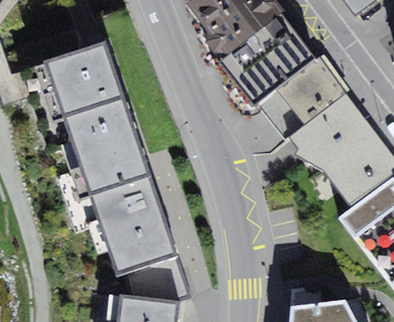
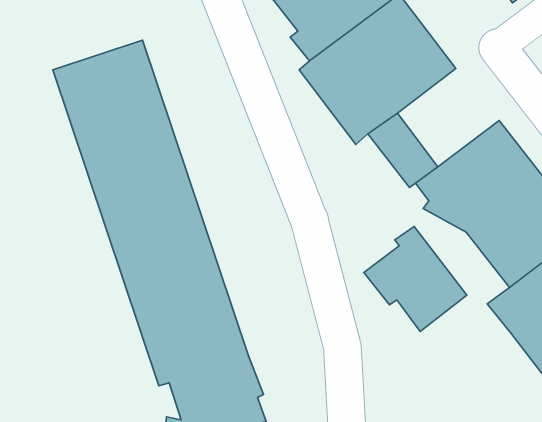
building: [278,57,347,126] -> none
building: none -> [364,226,467,331]

